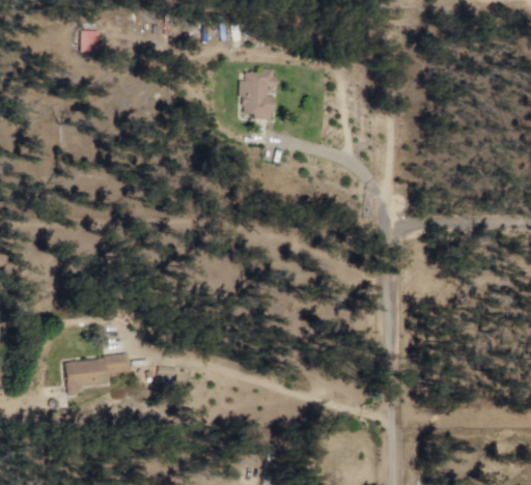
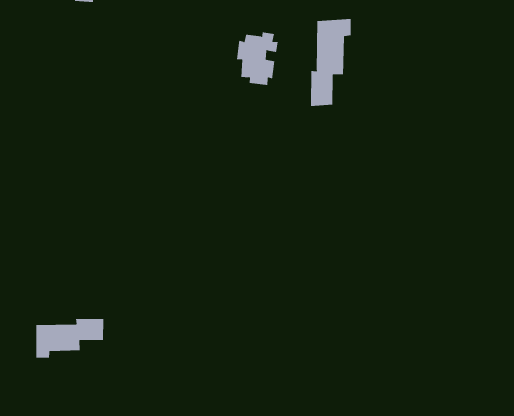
building: none -> [311,18,351,107]

